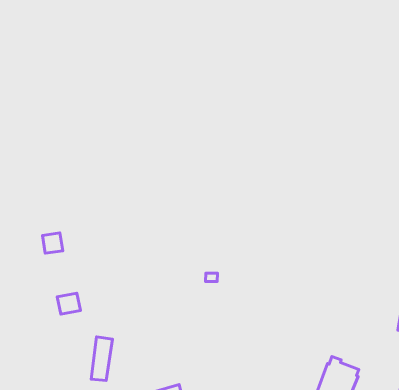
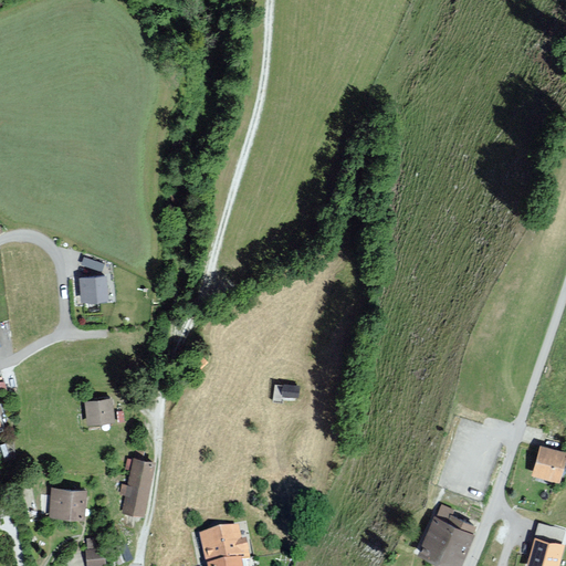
building: [42,233,63,253] -> [80,276,105,302]
building: none -> [49,488,87,520]

